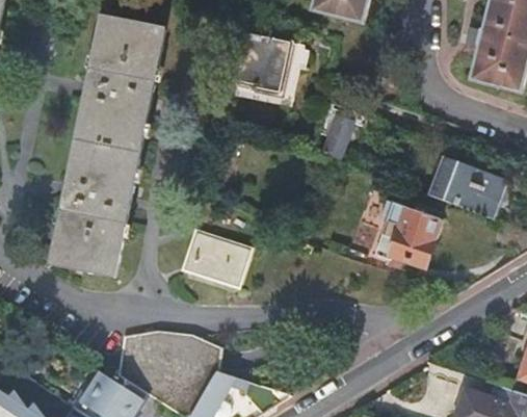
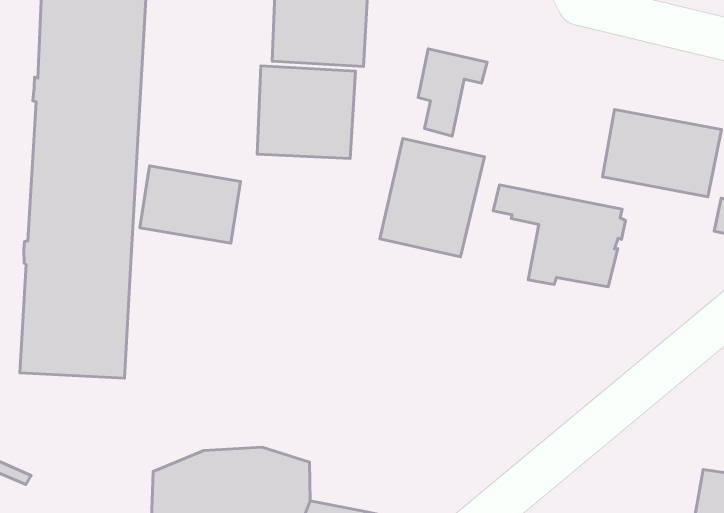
building: none -> [257,66,355,159]
building: none -> [380,138,485,257]
building: [183,233,249,288] -> [140,166,241,243]

